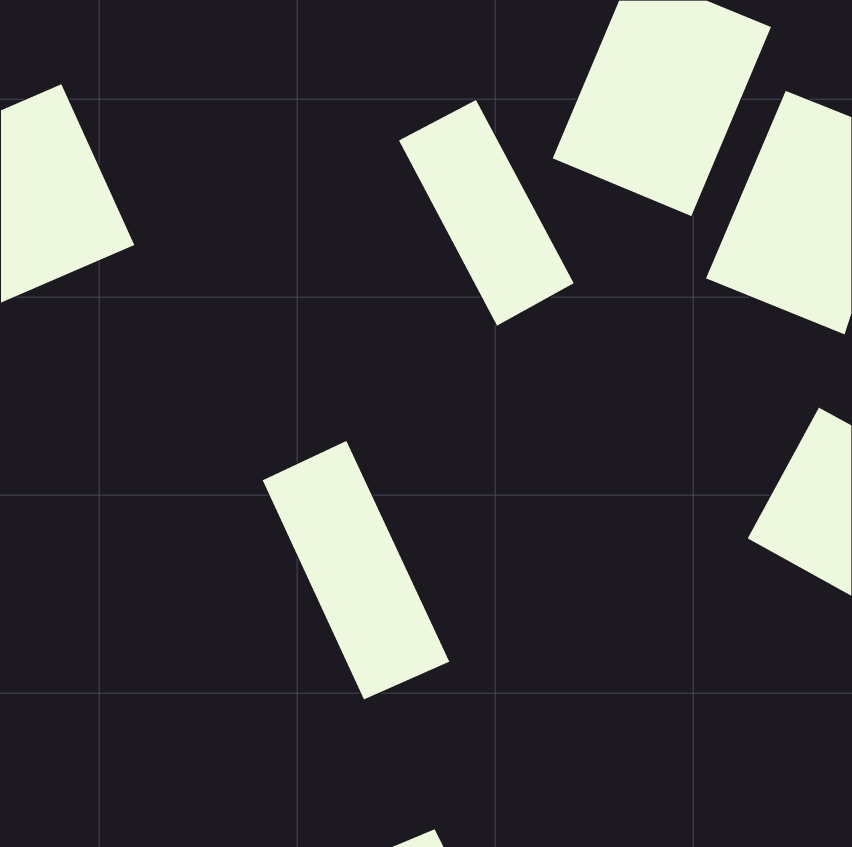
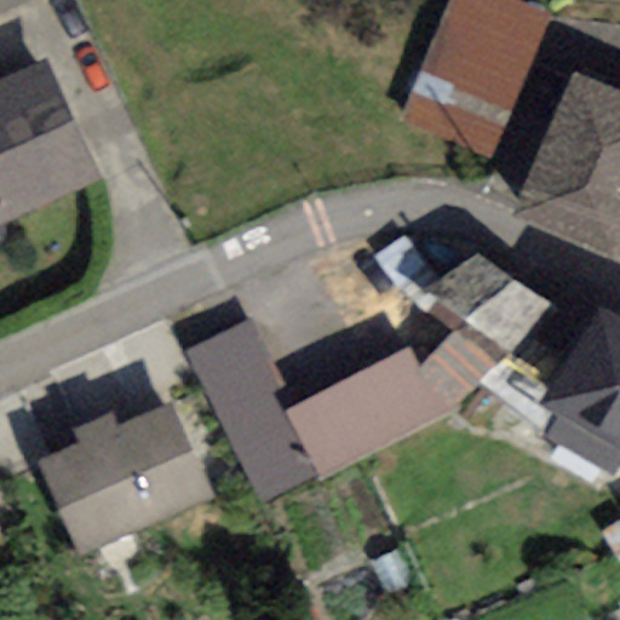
building: [398,99,574,326] -> none
building: none -> [315,245,552,454]
building: none -> [31,401,211,555]

